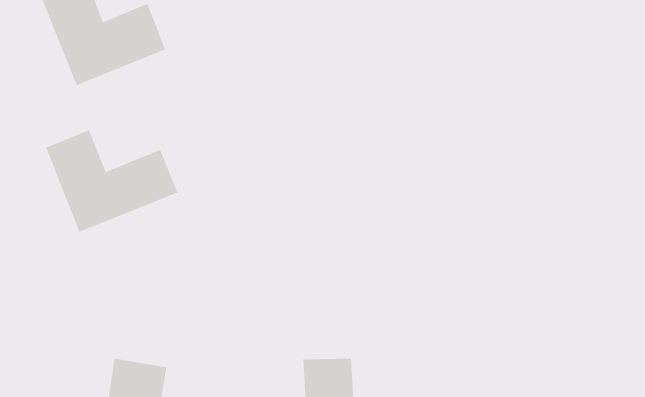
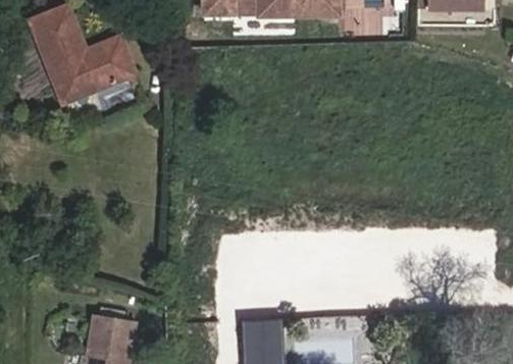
building: [45,129,178,233] -> none

